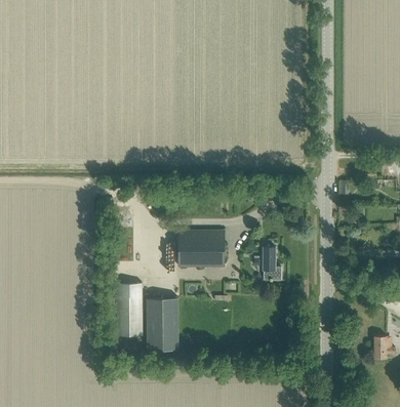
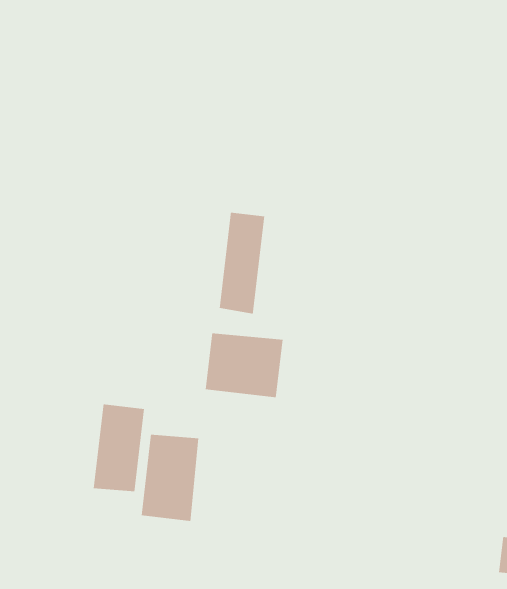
building: none -> [219,212,265,314]
building: [253,247,280,280] -> none

